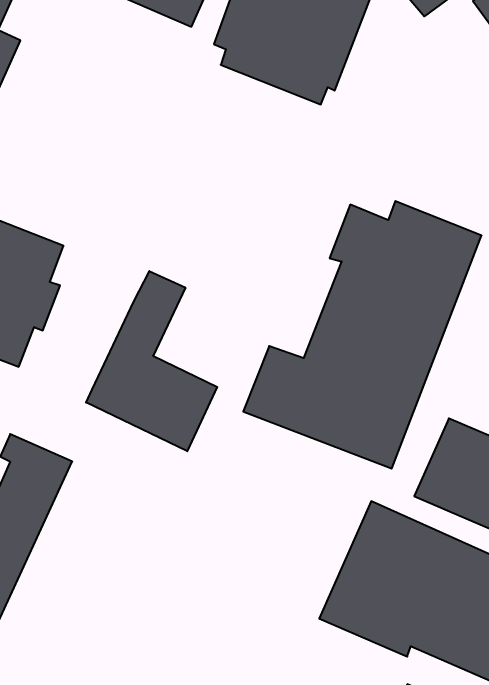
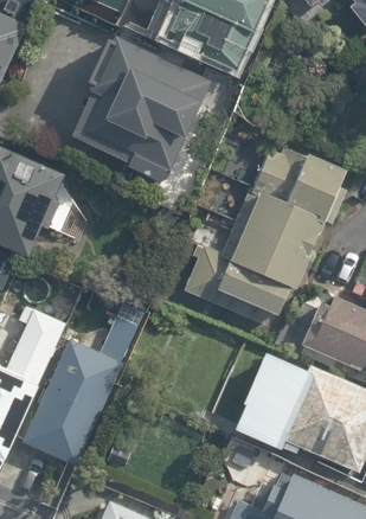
building: none -> [64,41,212,181]
building: [86,271,217,451] -> none
building: none -> [21,337,122,466]

